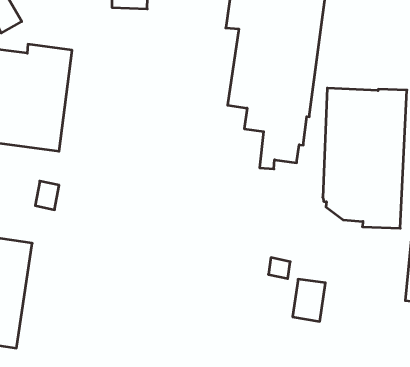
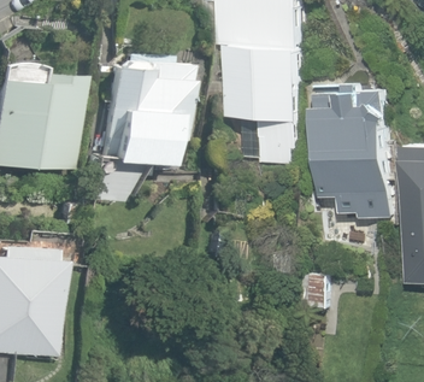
building: none -> [101,60,186,164]

